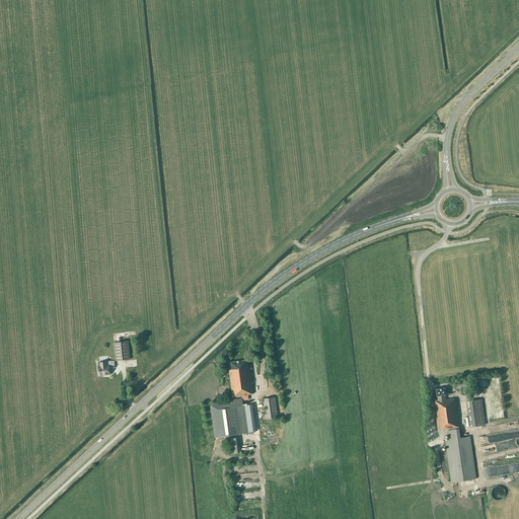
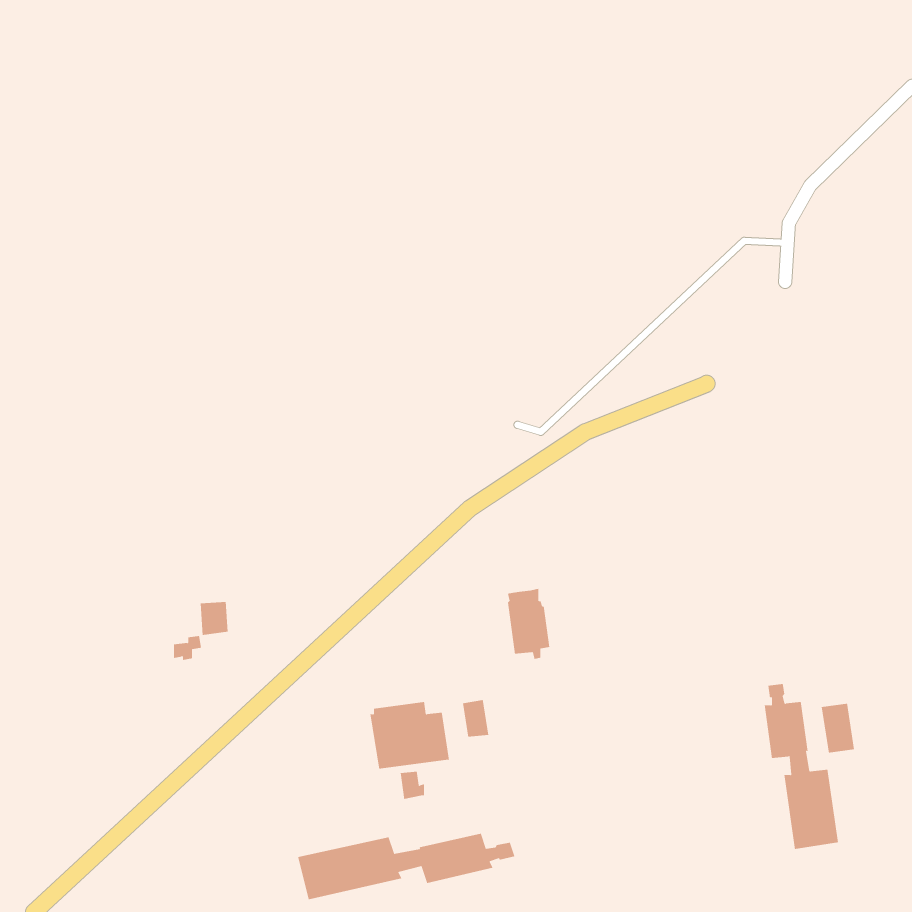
building: [229,360,253,400] -> [507,588,550,660]
building: none -> [297,833,515,900]

